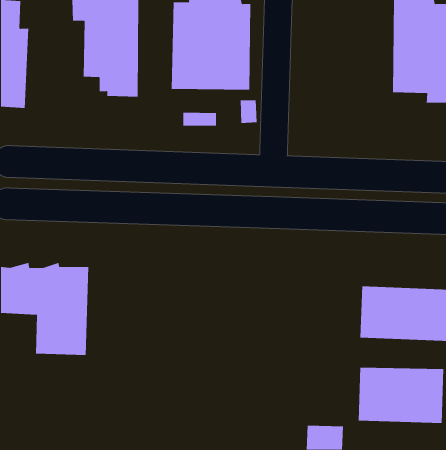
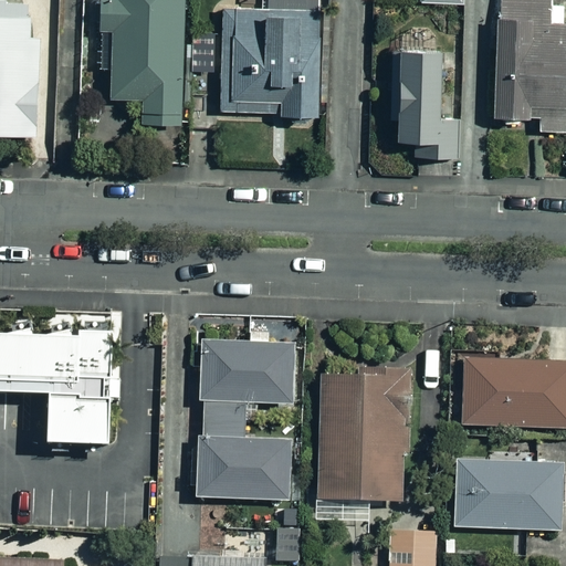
building: none -> [392,48,460,156]
building: none -> [199,340,292,501]
building: none -> [318,364,406,502]

